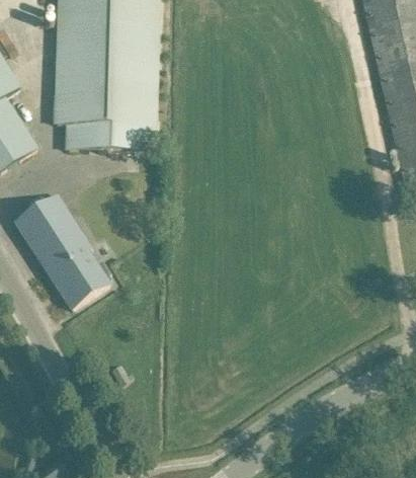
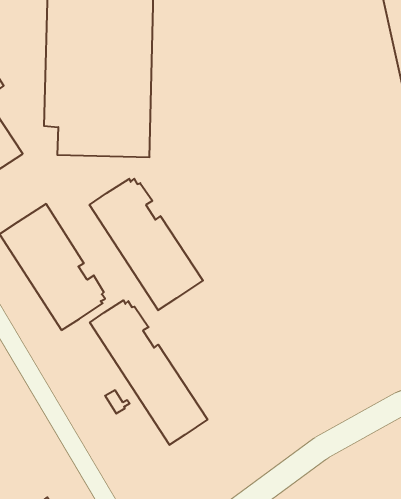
building: none -> [90,179,203,310]
building: none -> [90,300,207,445]

